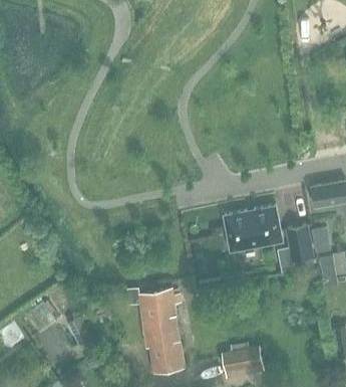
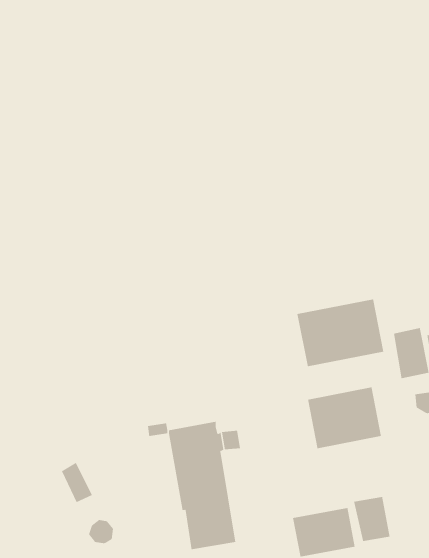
building: none -> [308,387,381,449]
building: none -> [354,496,390,542]

